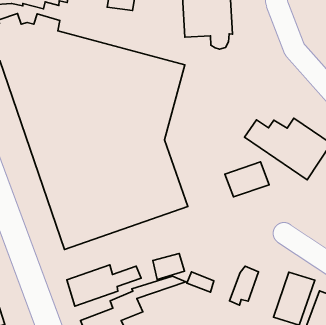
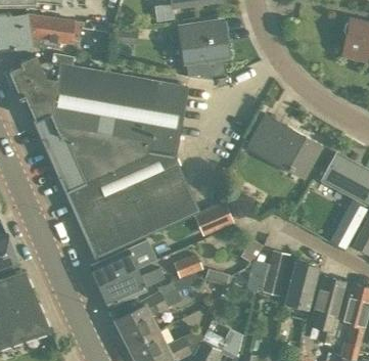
building: [225,162,269,197] -> [194,202,234,235]
building: none -> [90,242,152,285]
building: none -> [263,251,290,297]

